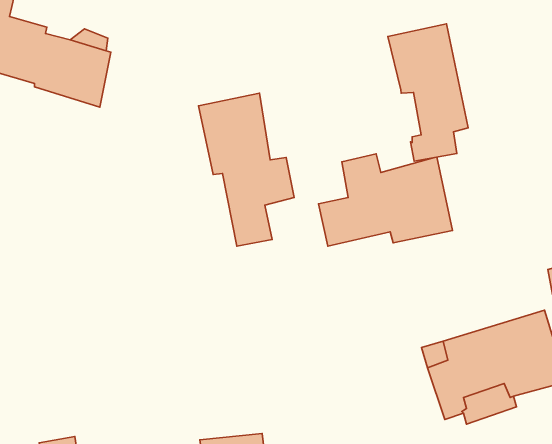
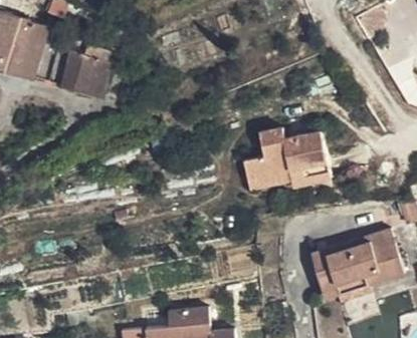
building: [388,24,468,161] -> none
building: [199,93,294,246] -> none

